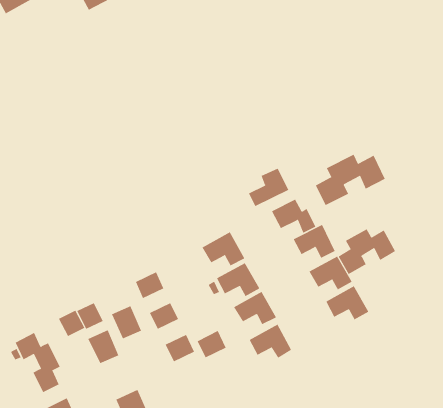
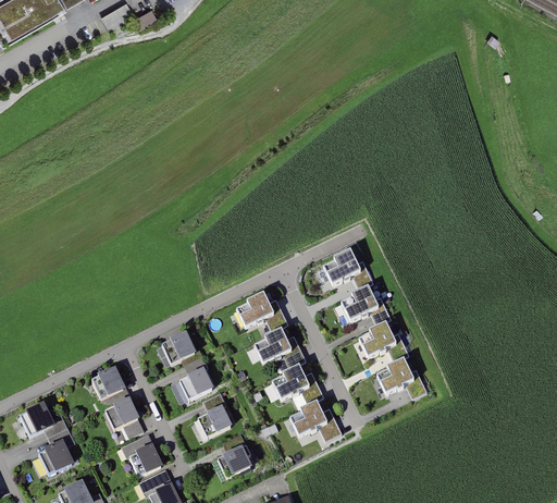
building: [315,154,385,206] -> none
building: [248,168,289,207] -> none
building: [338,228,396,275] -> none
building: [111,306,142,339] -> [123,439,159,478]
building: [58,310,85,337] -> none
building: [197,330,227,358] -> [214,446,249,479]

